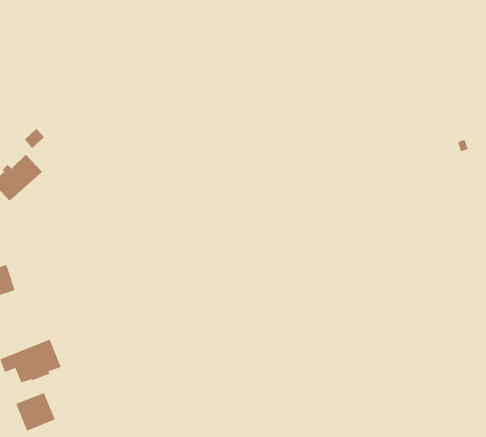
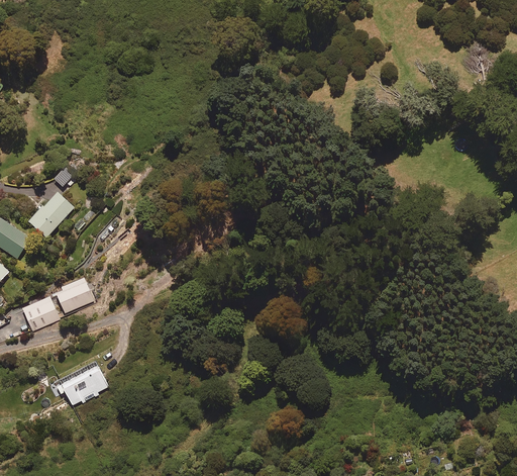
building: none -> [56,278,94,313]
building: [16,392,56,431] -> none

